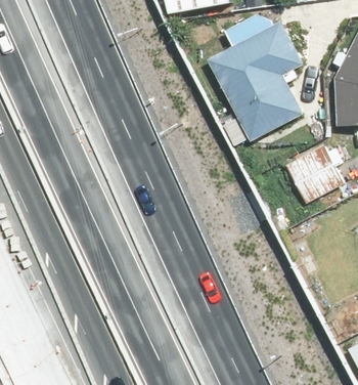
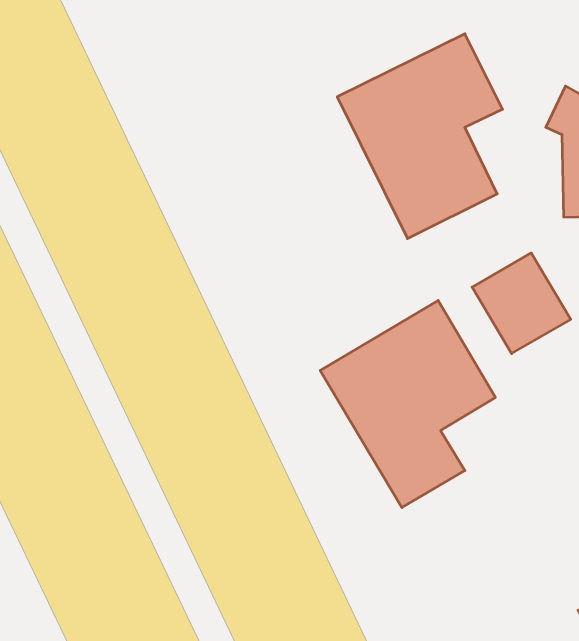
building: none -> [320,300,495,508]

